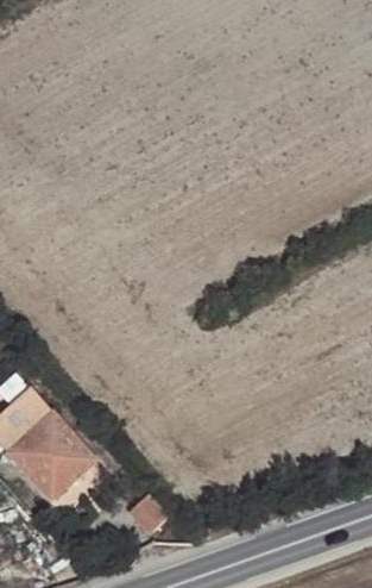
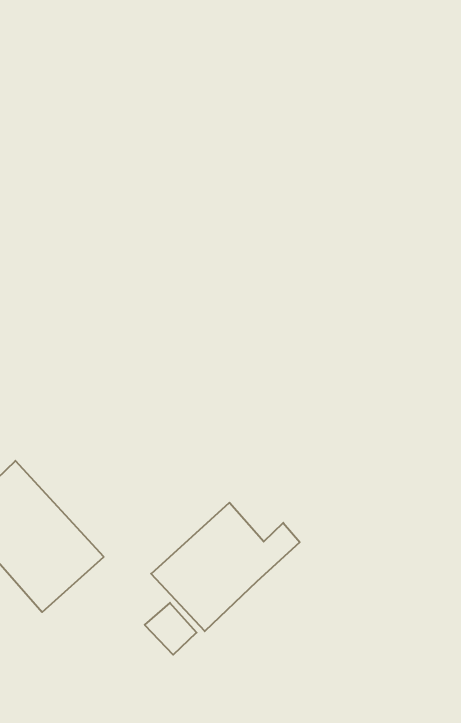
building: none -> [151,503,300,631]

